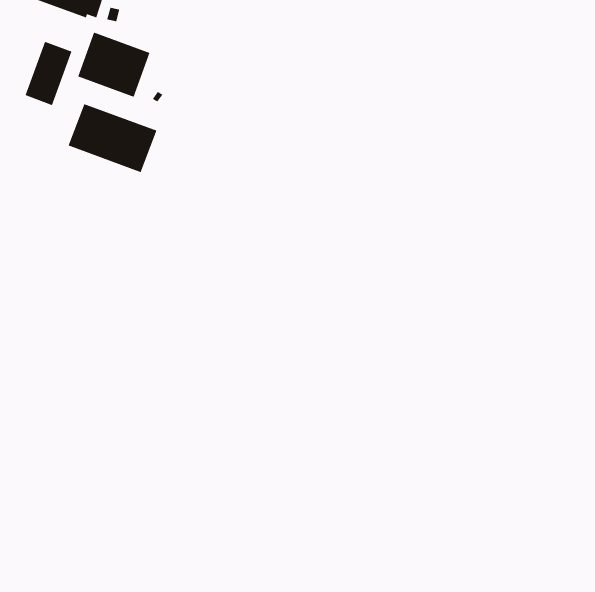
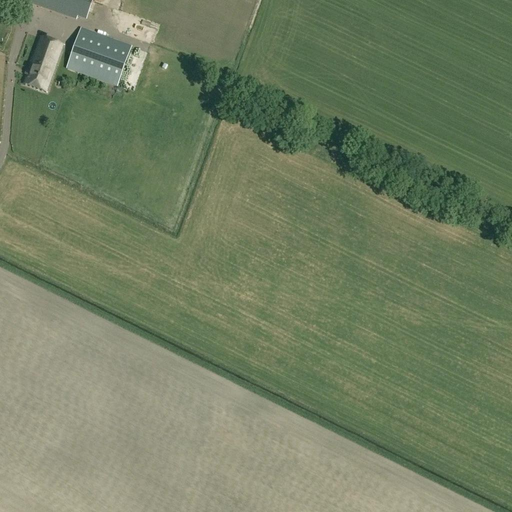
building: [67,103,157,173] -> none

